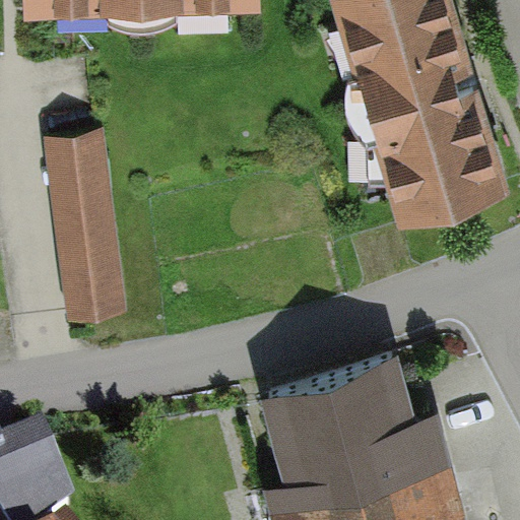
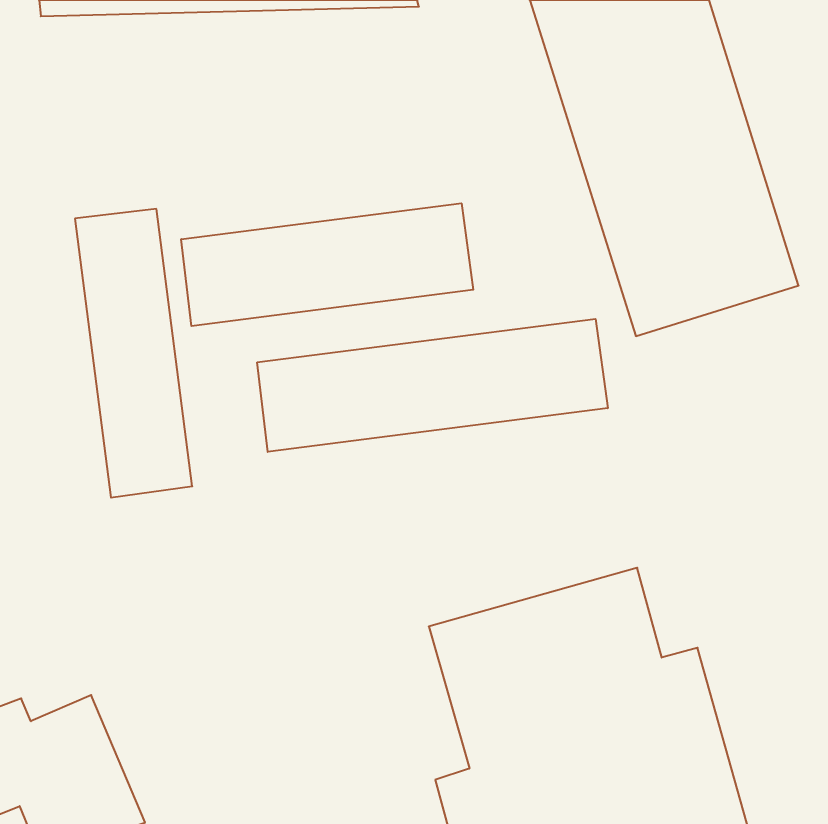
building: none -> [181,203,473,326]
building: none -> [257,319,608,452]

